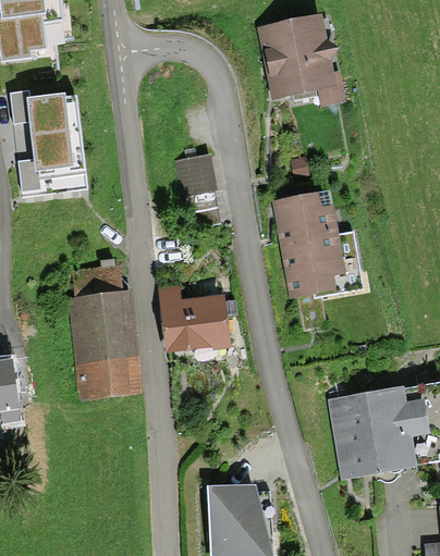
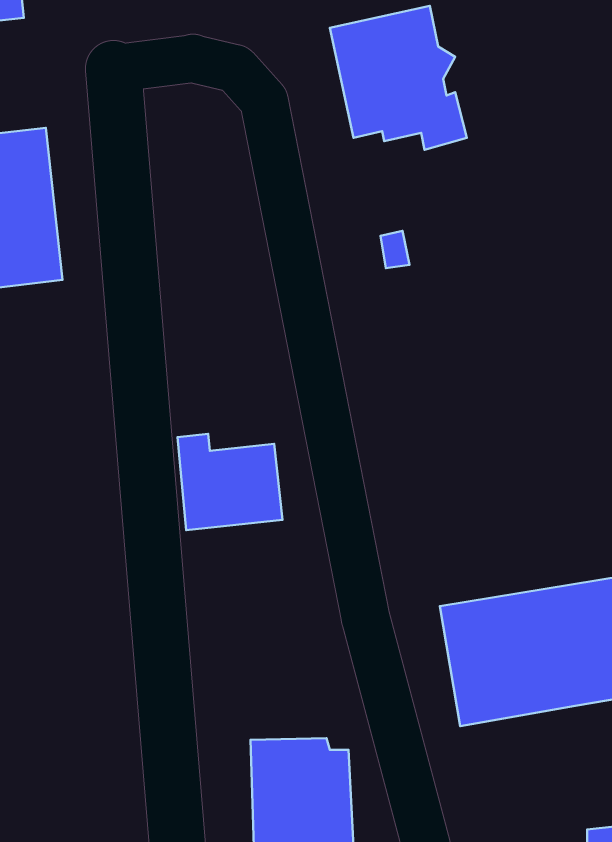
building: [176,153,215,210] -> none
building: [272,190,363,296] -> none
building: [66,265,140,399] -> none

